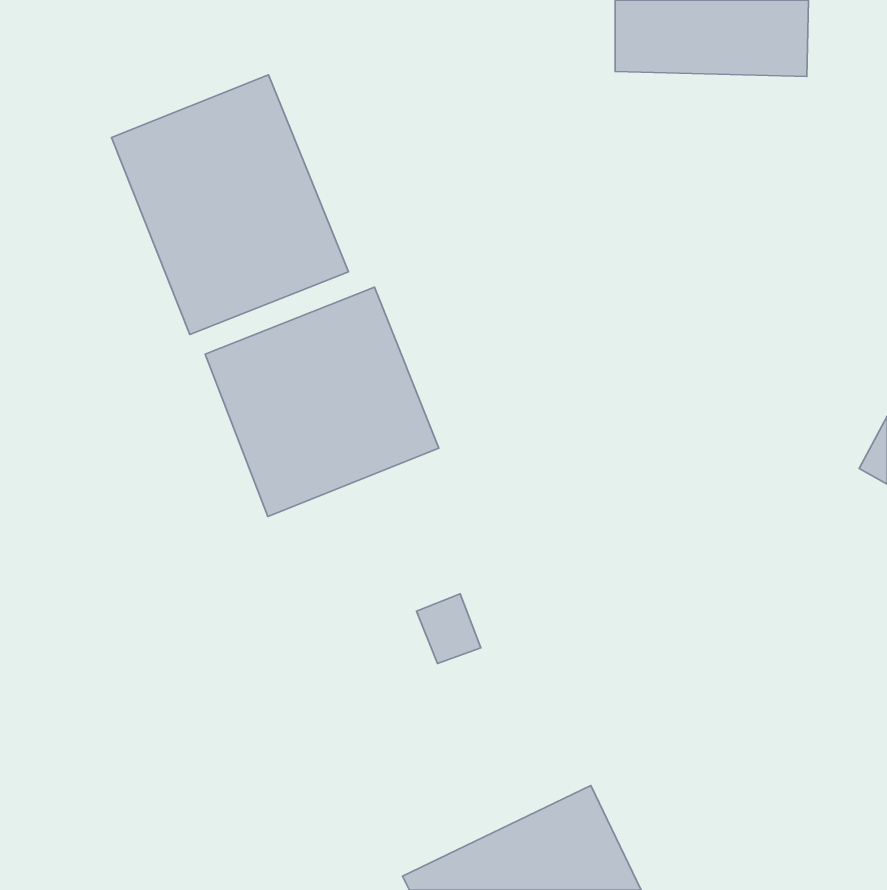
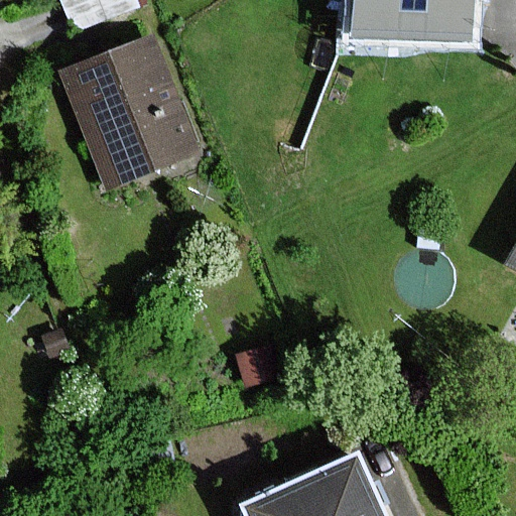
building: [205,287,439,516] -> none

